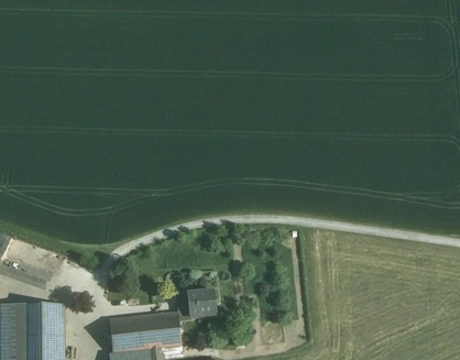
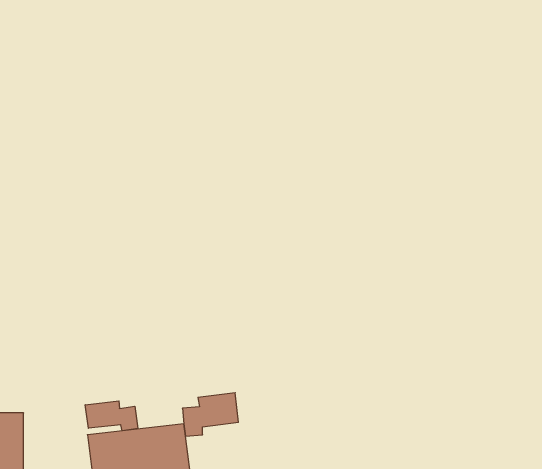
building: none -> [85,401,138,431]

